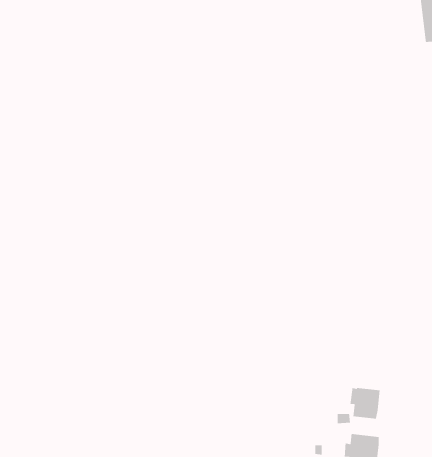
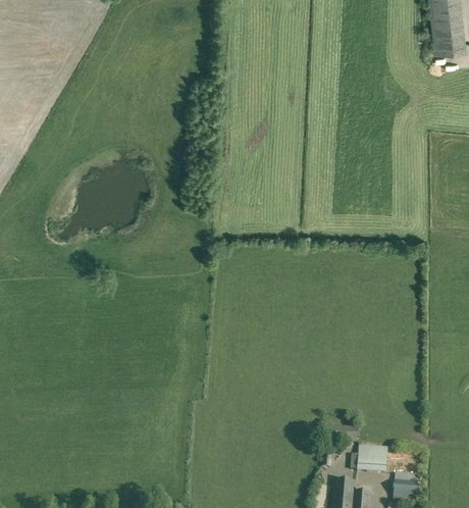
building: [349,387,380,419] -> none

